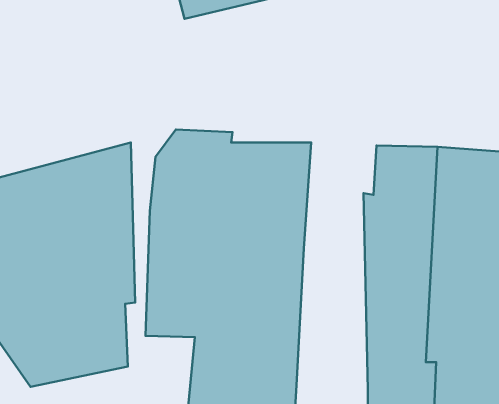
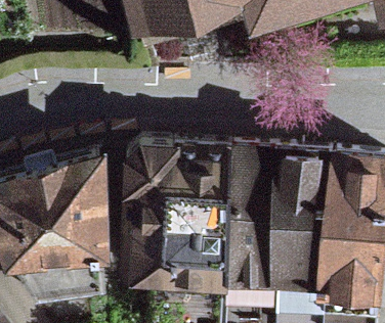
building: none -> [223,134,280,308]

